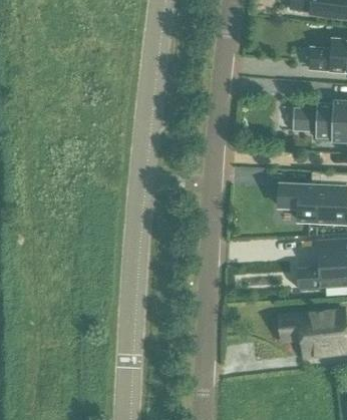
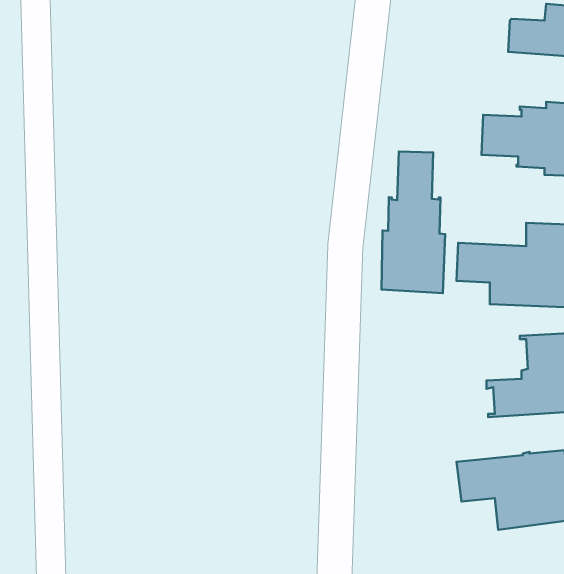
building: none -> [382,151,445,293]

